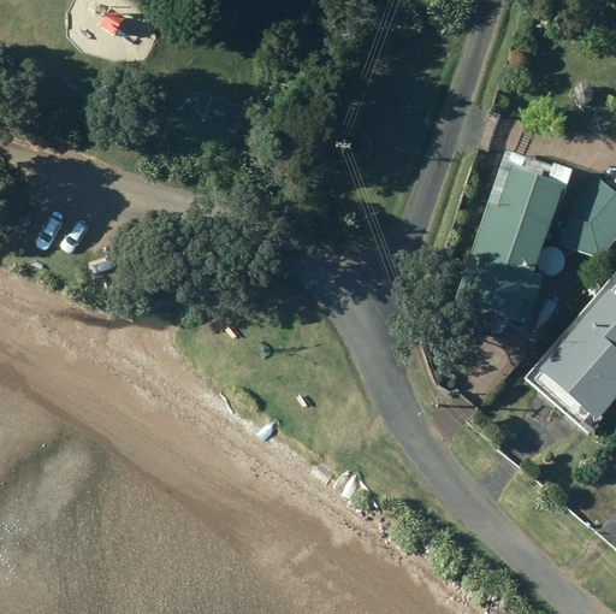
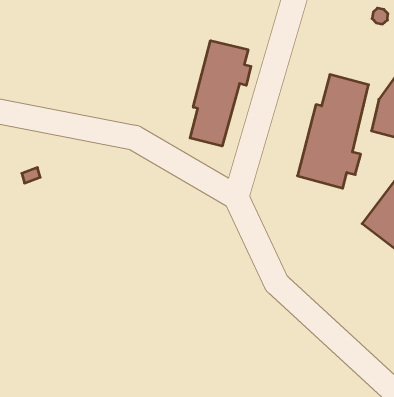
building: none -> [190,41,251,146]

